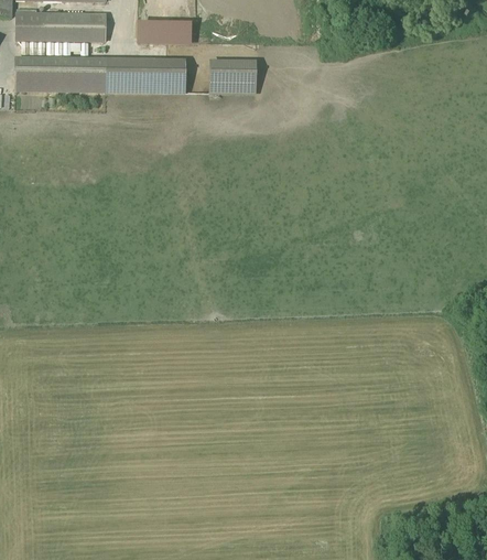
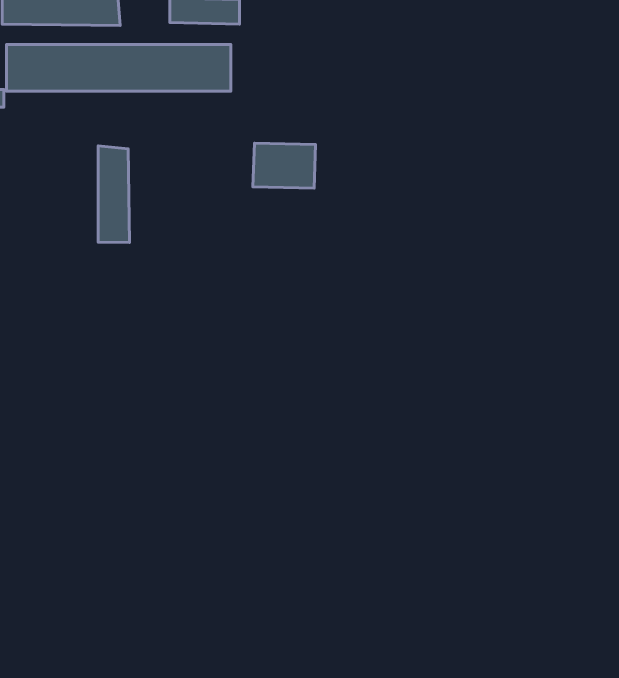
building: [209,57,257,91] -> [253,143,316,188]
building: none -> [98,146,129,242]

